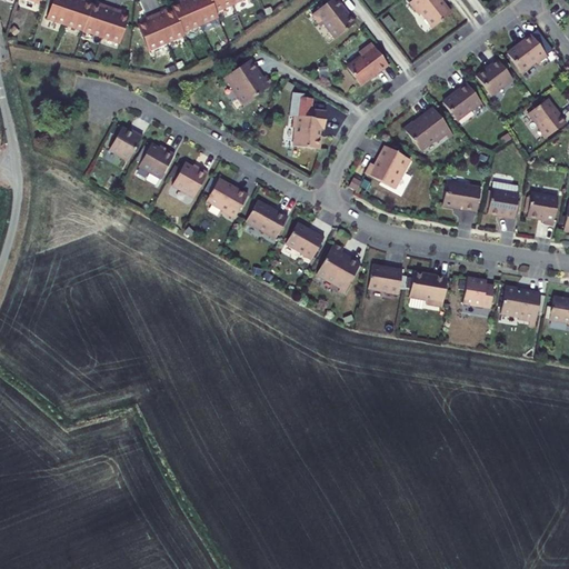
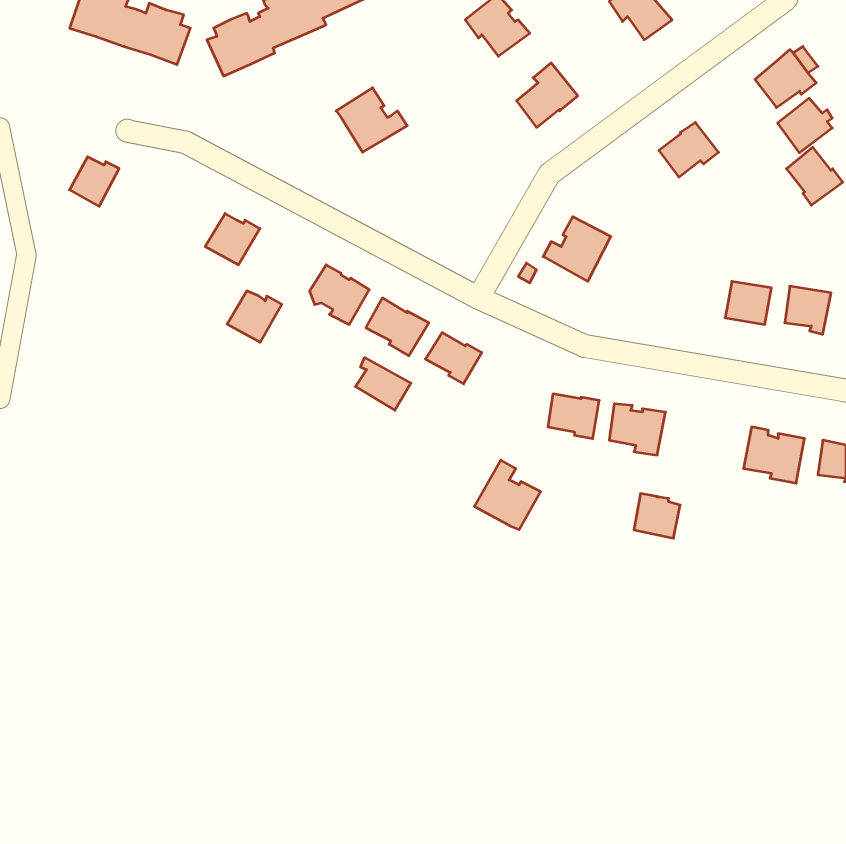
building: [476,59,512,96] -> [778,98,832,153]
building: [403,108,450,150] -> none
building: [292,109,326,148] -> none
building: [109,127,142,160] -> [69,157,119,206]
building: [171,162,208,197] -> [227,291,282,342]
building: [442,182,480,211] -> none
building: none -> [355,358,411,410]
building: [316,242,360,289] -> [474,460,541,530]
building: [462,278,493,308] -> [634,494,680,538]

